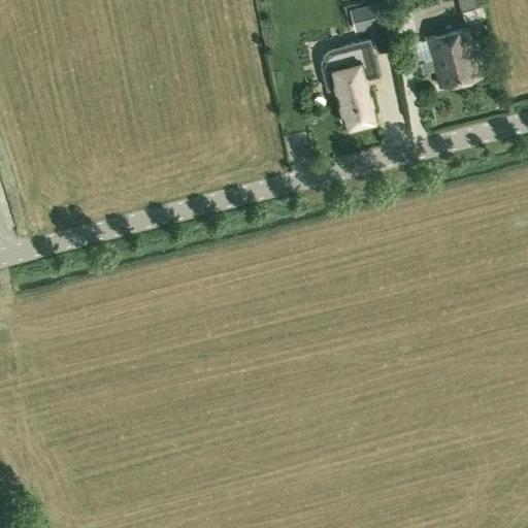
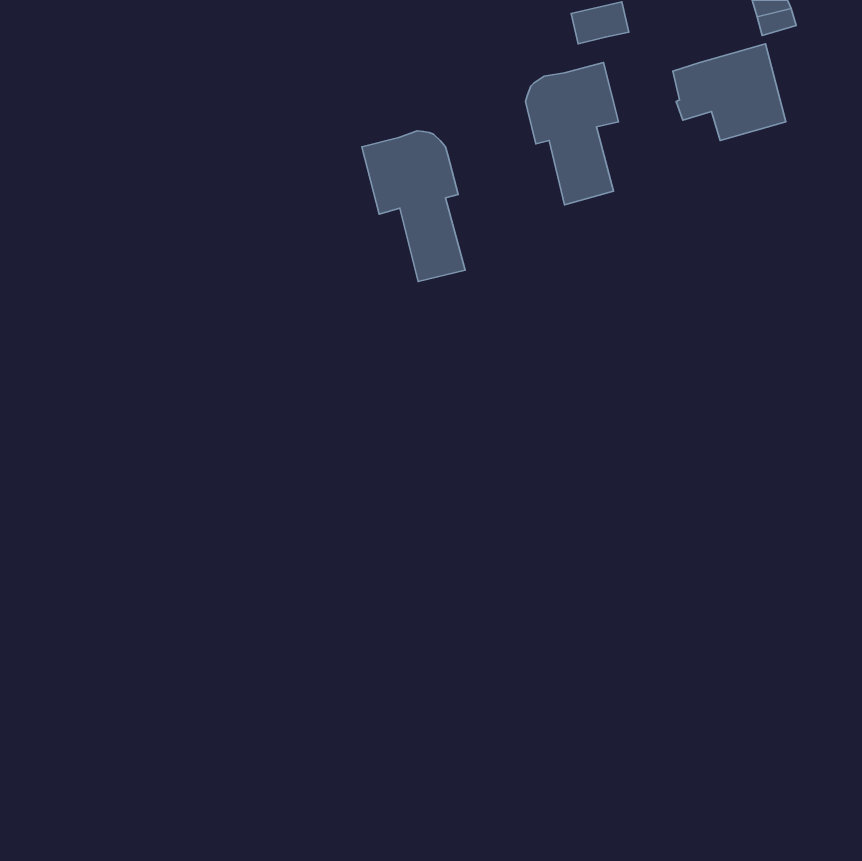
building: none -> [362,131,465,281]

